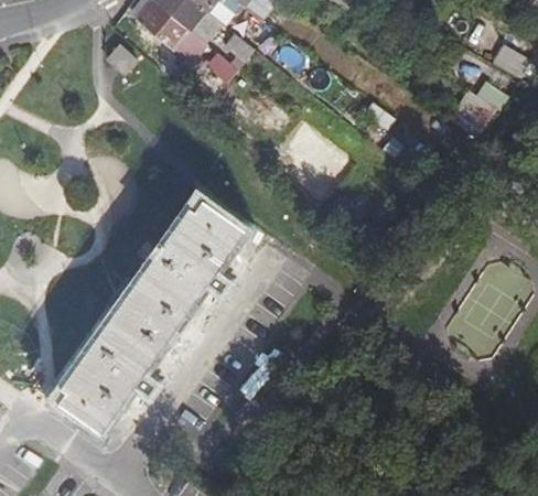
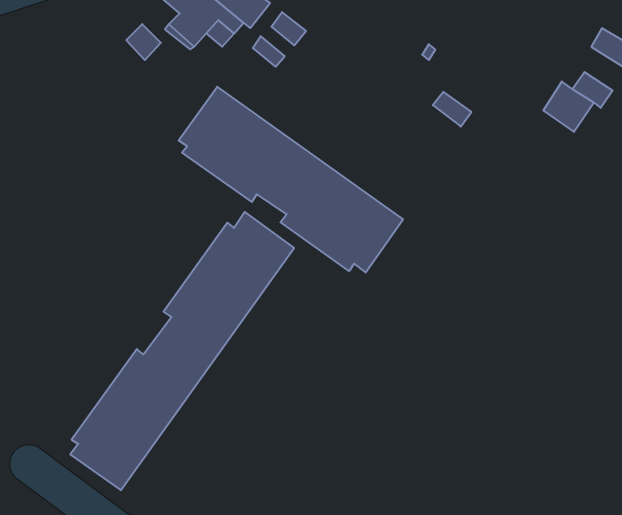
building: none -> [179,87,403,273]

